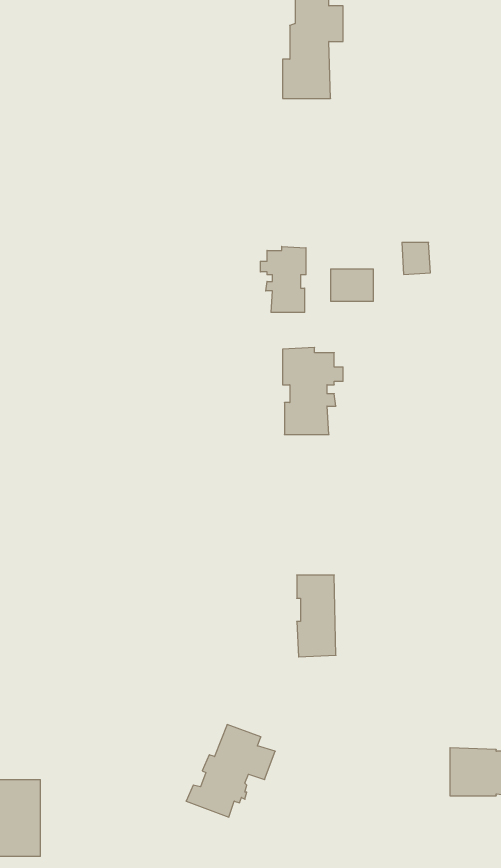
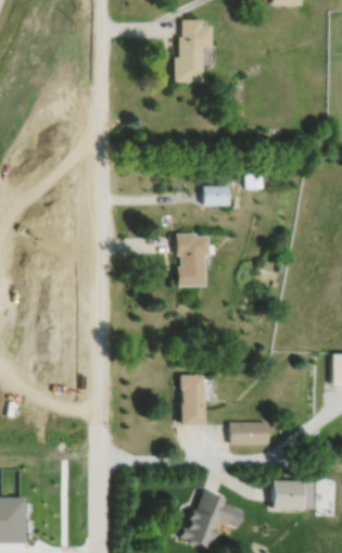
building: [260,246,306,312] -> none
building: none -> [232,420,269,443]
building: [186,725,275,817] -> [181,489,236,545]

